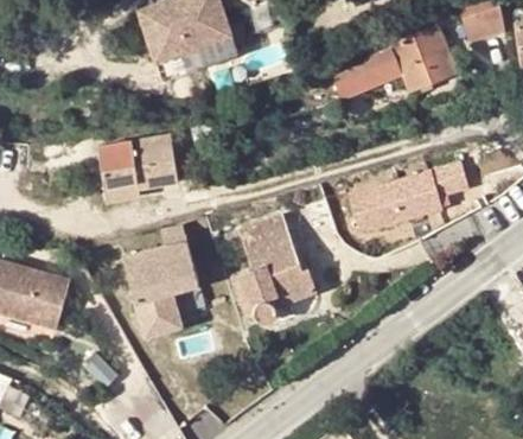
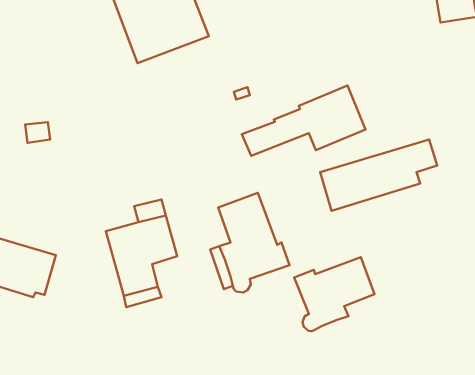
building: [329,26,458,100] -> [242,85,366,156]
building: [98,138,176,204] -> none
building: none -> [294,257,375,331]

